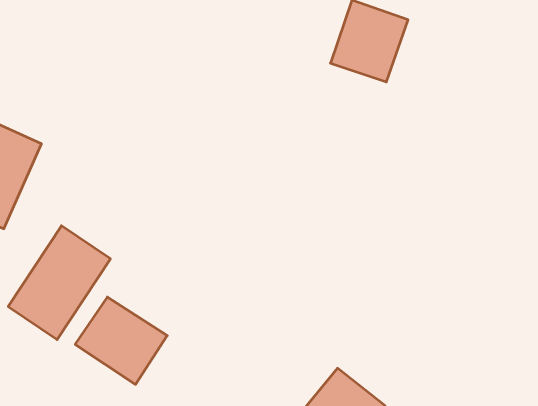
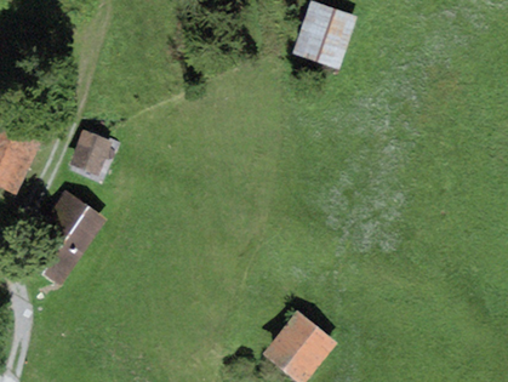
building: none -> [68,130,112,176]
building: [75,297,167,384] -> none

